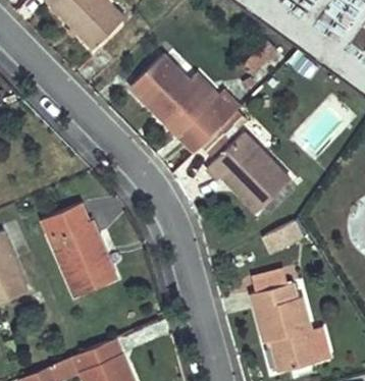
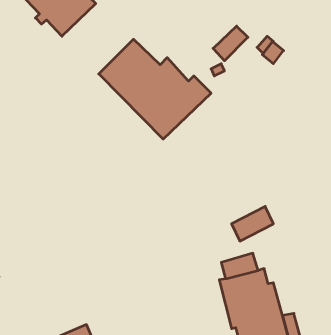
building: [206,131,292,213] -> none
building: [41,202,119,297] -> none

